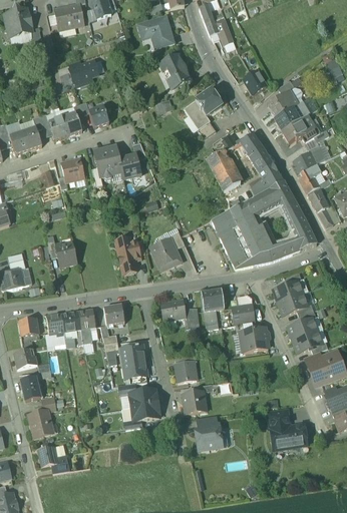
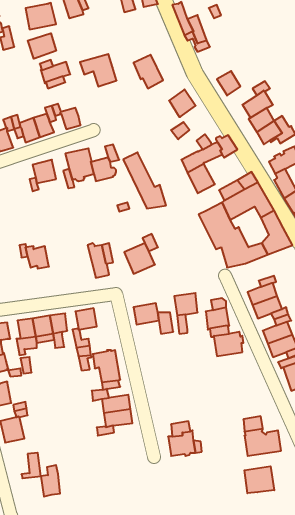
building: [137,15,173,47] -> [80,54,117,87]
building: none -> [28,33,56,59]
building: [184,99,210,128] -> none
building: [250,147,277,177] -> none
building: [211,211,253,267] -> [123,152,166,208]
building: [175,360,197,382] -> none
building: [183,391,205,413] -> none
building: [39,438,58,469] -> [41,465,60,497]
building: none -> [244,466,274,493]

